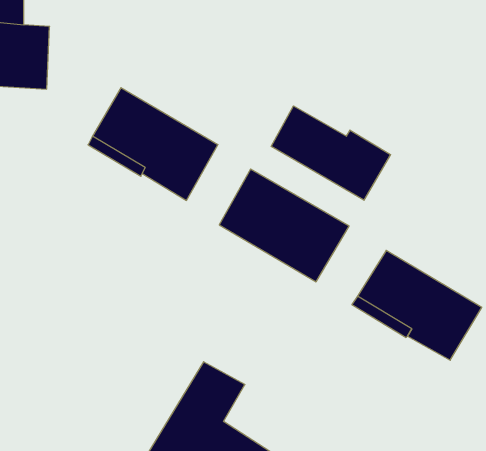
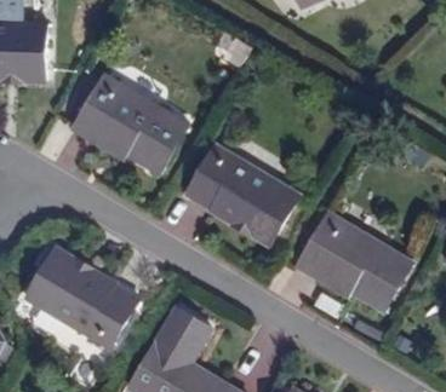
building: [271,106,391,200] -> none
building: none -> [27,249,137,345]

